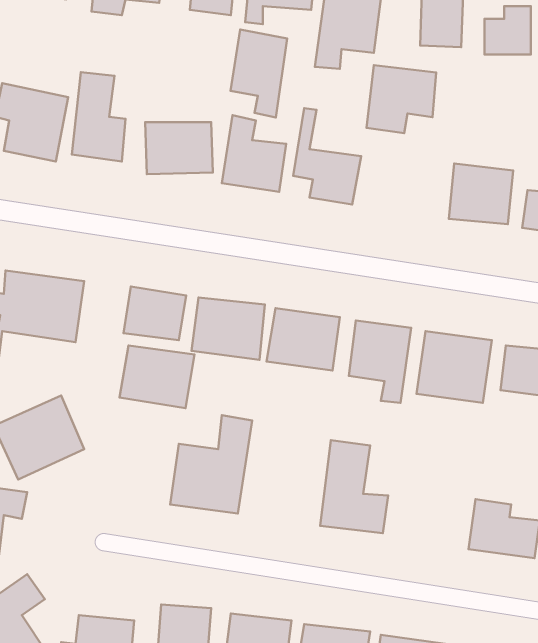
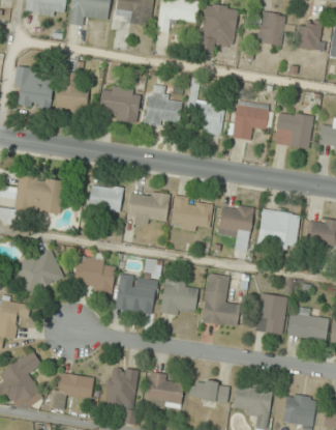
building: [231,30,287,117] -> none
building: [367,65,436,133] -> [228,101,269,140]
building: [119,346,195,408] -> [72,256,116,292]
building: none -> [160,277,196,316]
building: none -> [254,293,286,334]

